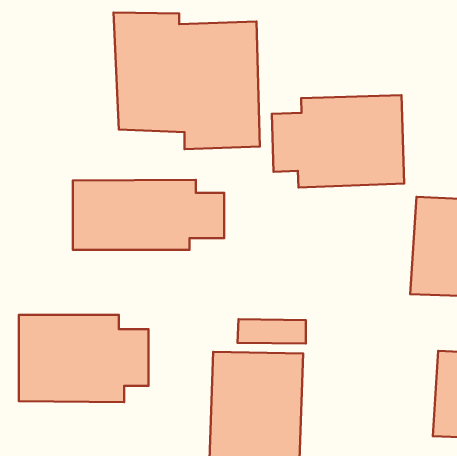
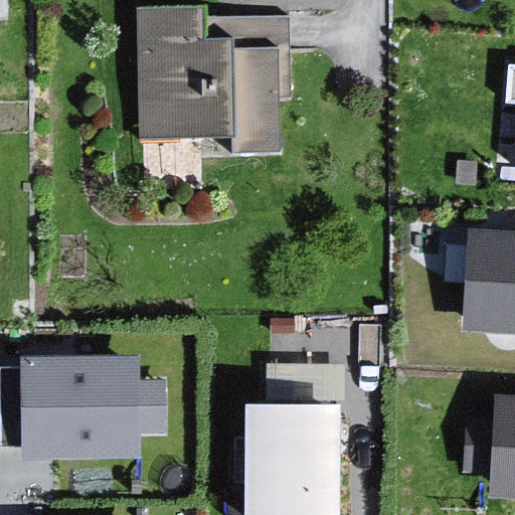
building: [272,95,404,188] -> none
building: [73,180,224,250] -> none

